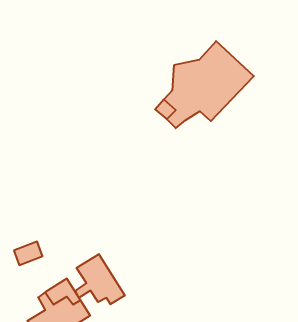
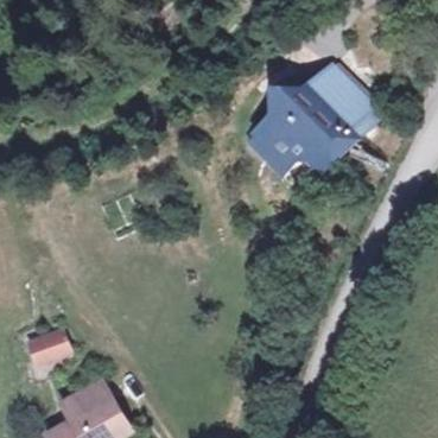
building: [75,254,125,304] -> none

